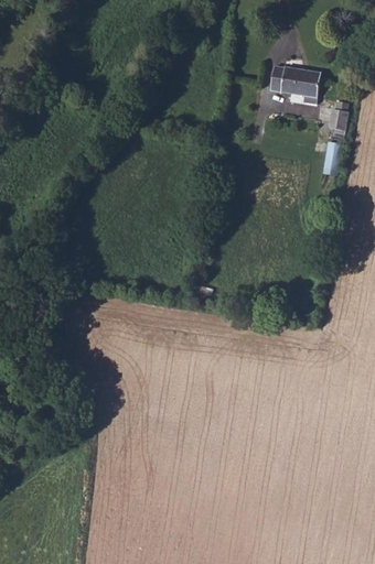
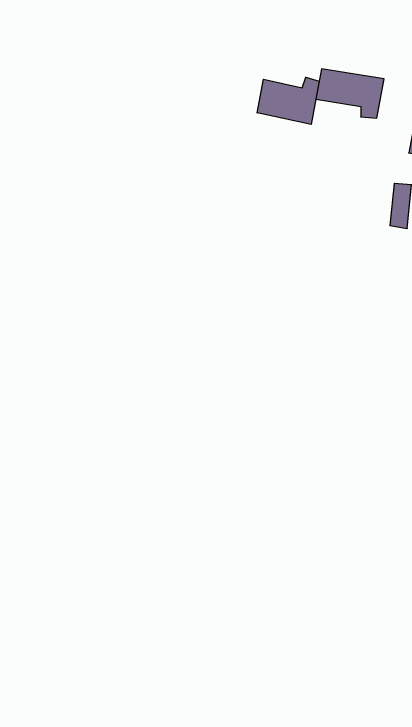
building: none -> [257,77,319,124]

